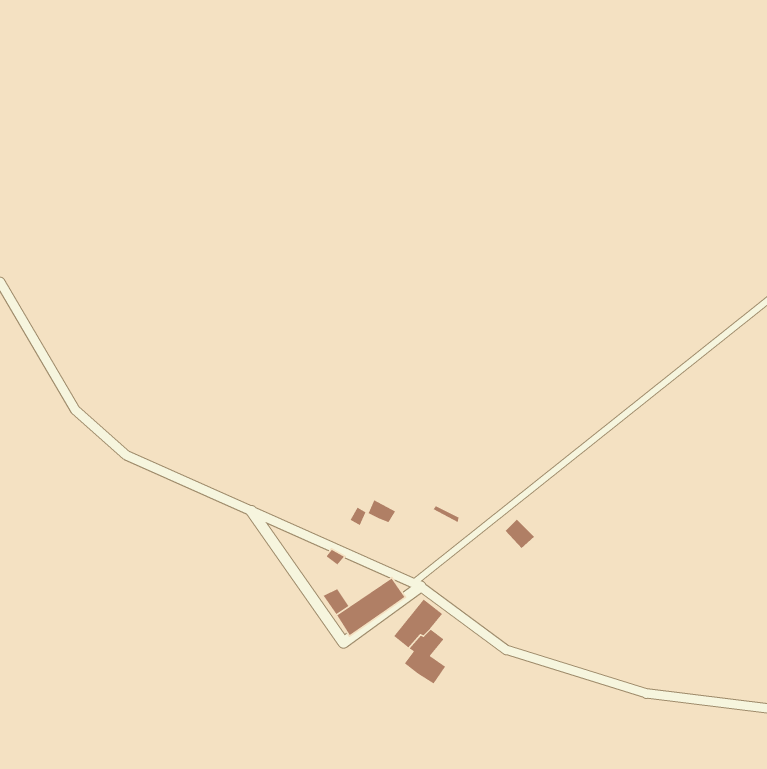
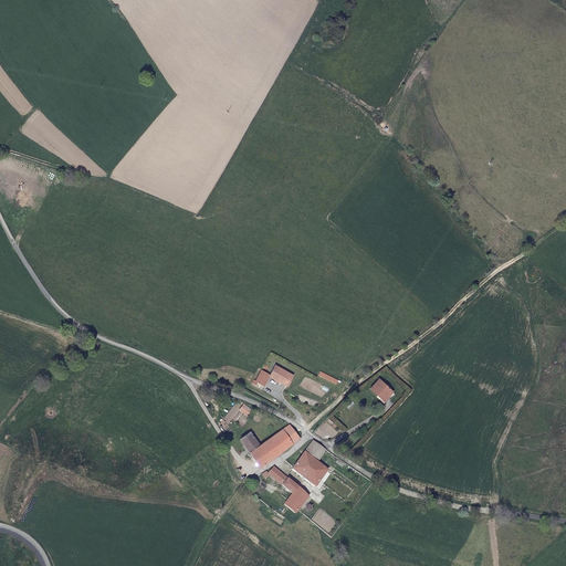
building: none -> [266,465,308,511]

